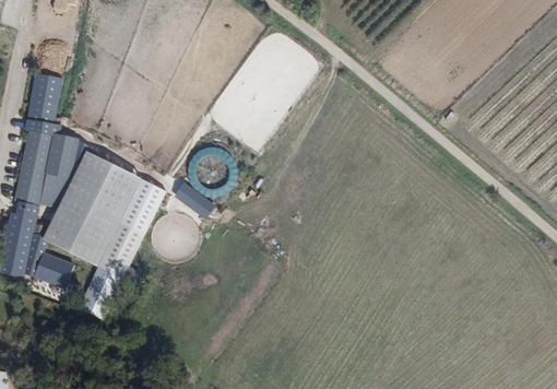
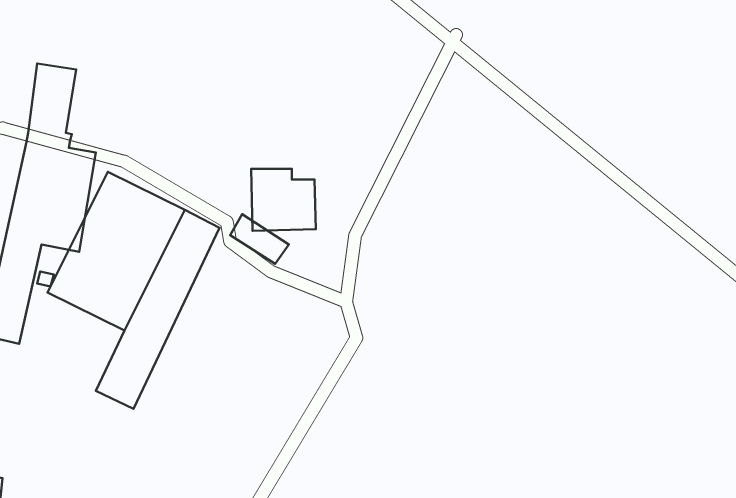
building: [34,251,73,285] -> none

